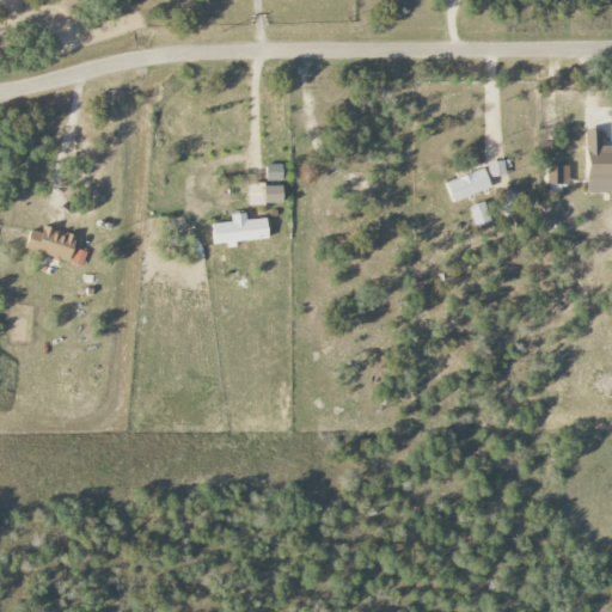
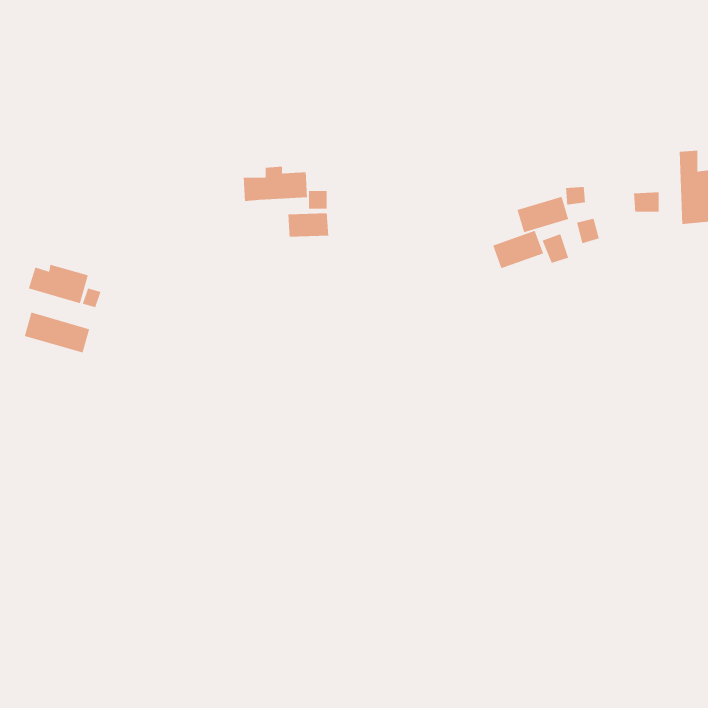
building: none -> [492,230,544,269]
building: [213,213,269,244] -> [243,166,308,202]
building: none -> [24,312,90,354]

